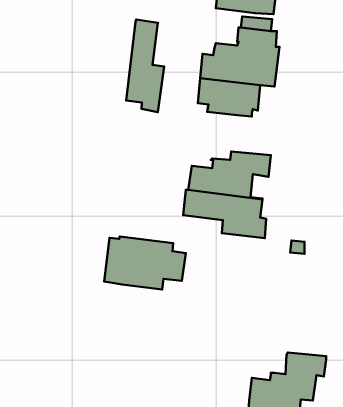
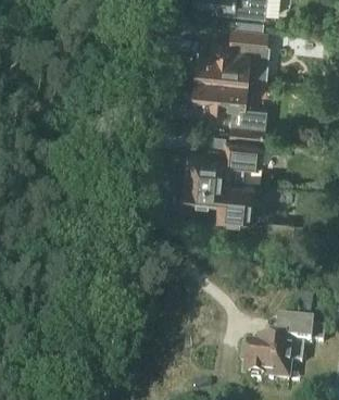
building: [126,19,164,112] -> none
building: none -> [227,108,265,140]
building: [104,236,186,289] -> none

